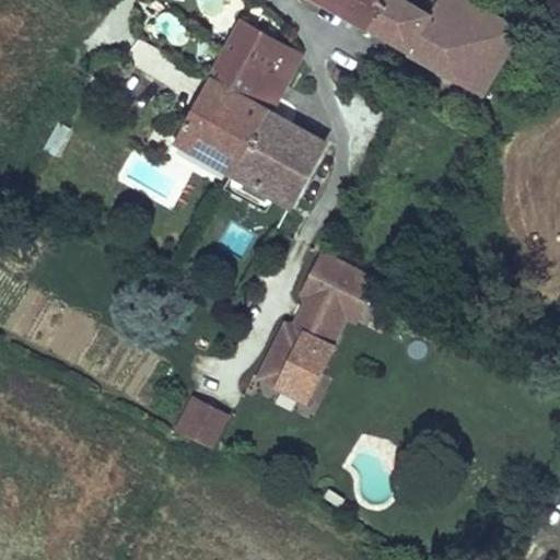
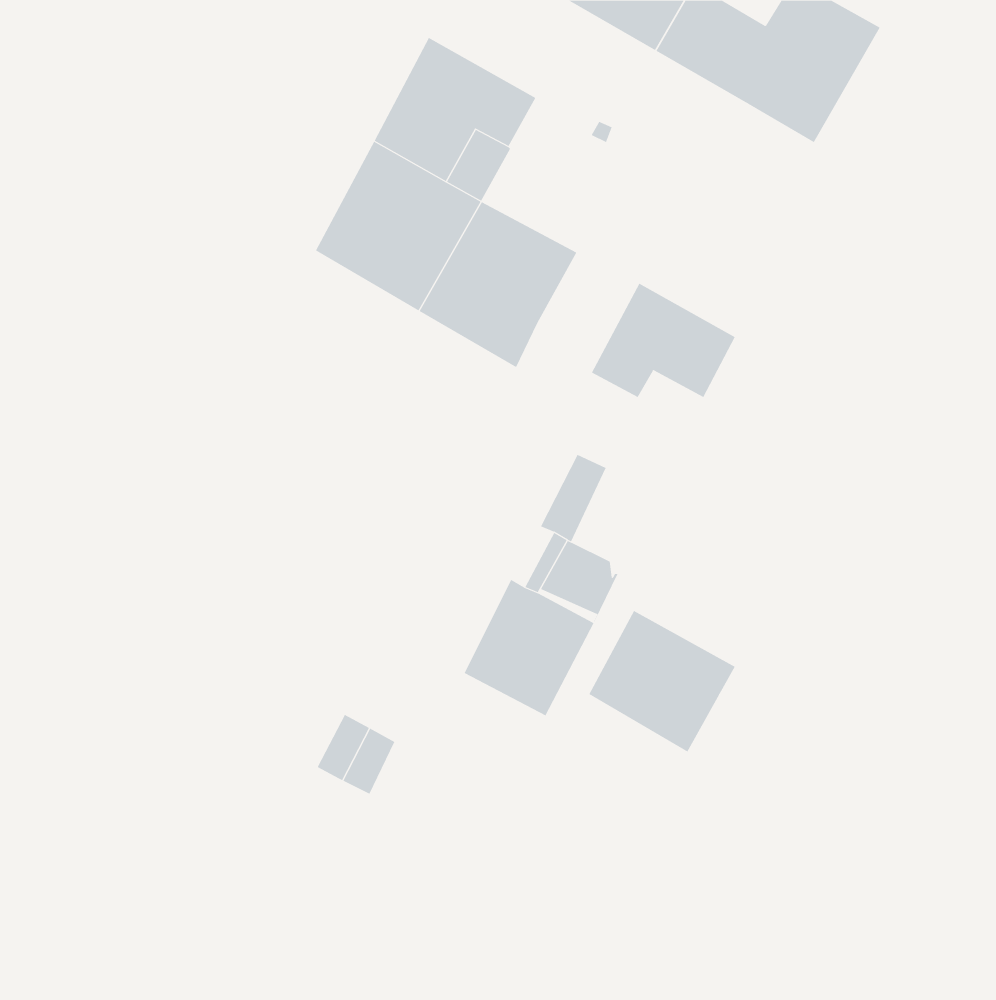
building: [455,15,517,95] -> none
building: none -> [591,283,736,398]
building: [319,261,371,318] -> none
building: none -> [589,610,736,752]

